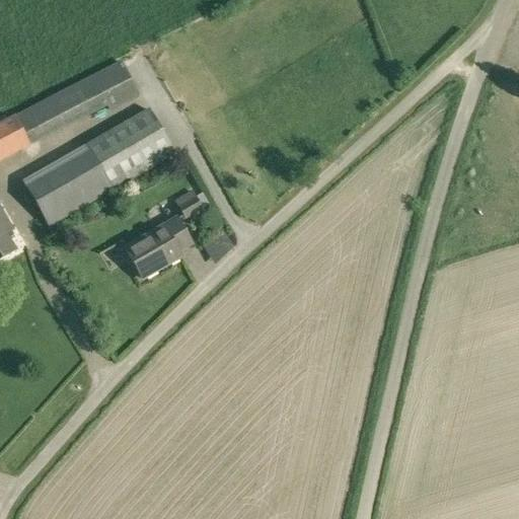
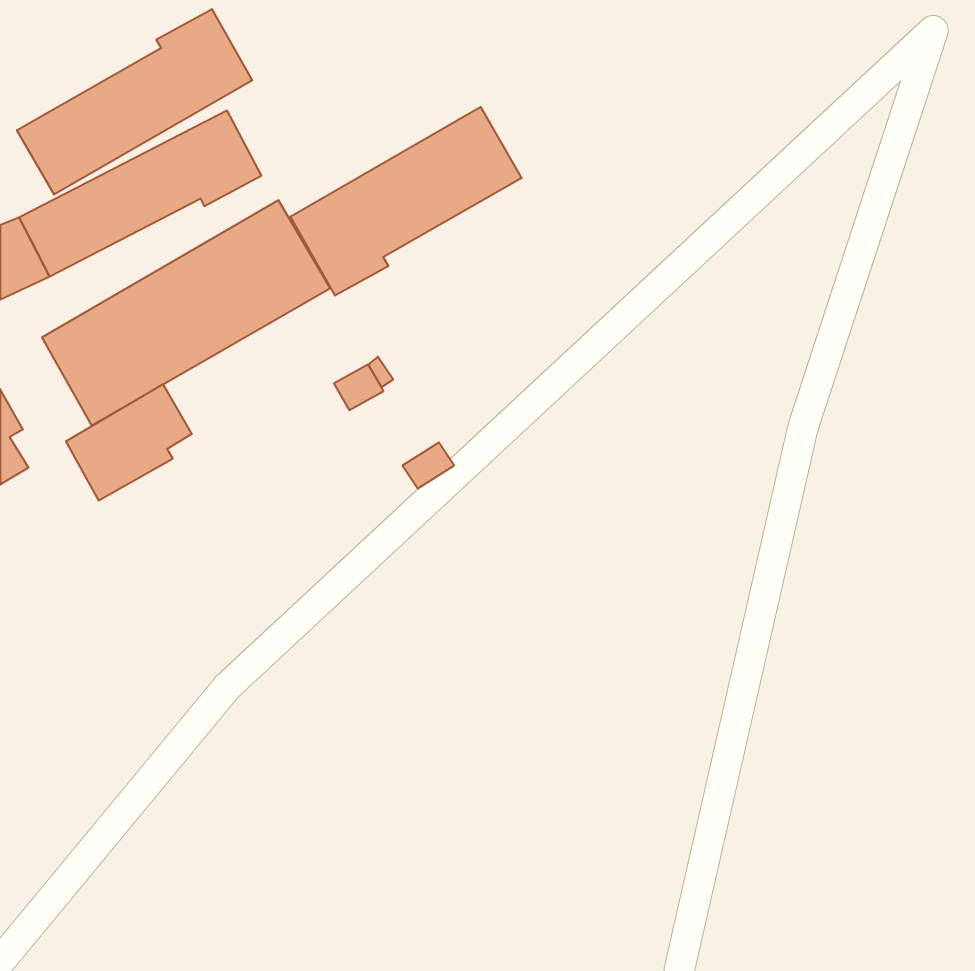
building: none -> [17,9,252,195]
building: none -> [290,107,522,296]
building: [125,215,192,277] -> [66,384,192,500]

